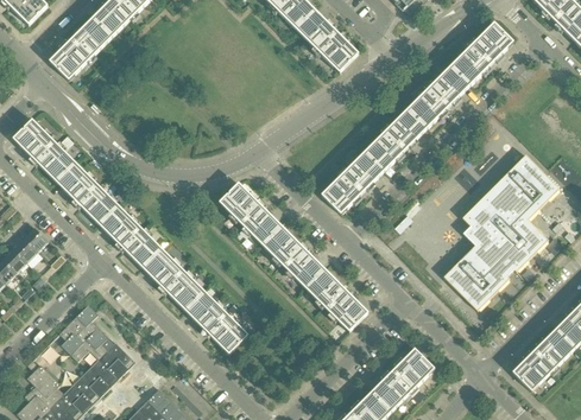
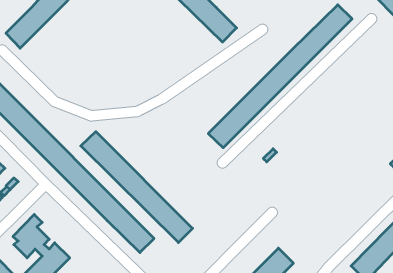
building: [443,153,560,308] -> none
building: [219,182,368,330] -> [81,132,193,243]

